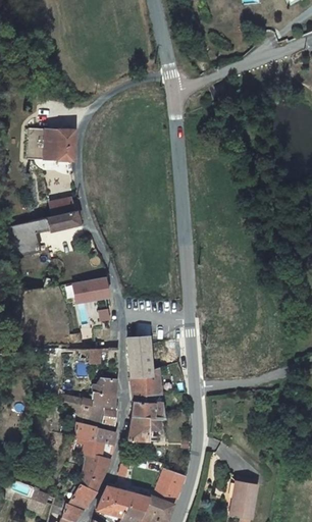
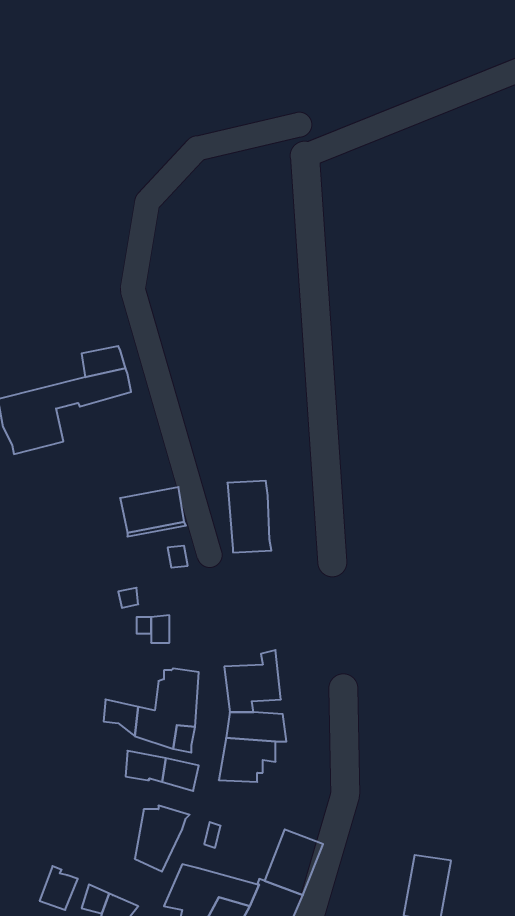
building: [28,127,74,160] -> none
building: [127,336,152,376] -> [227,481,271,552]
building: [86,438,113,459] -> none
building: [68,483,97,510] -> none

